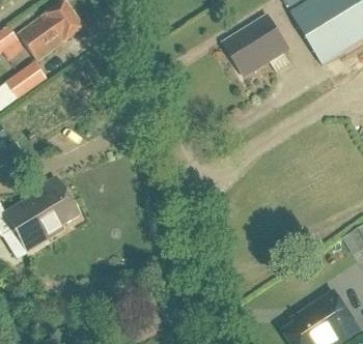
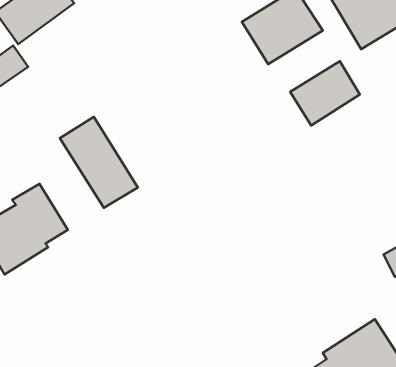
building: none -> [290,61,360,126]
building: none -> [60,117,138,208]

